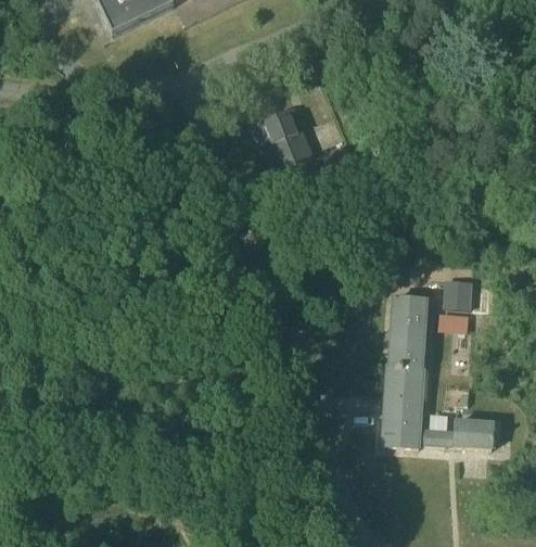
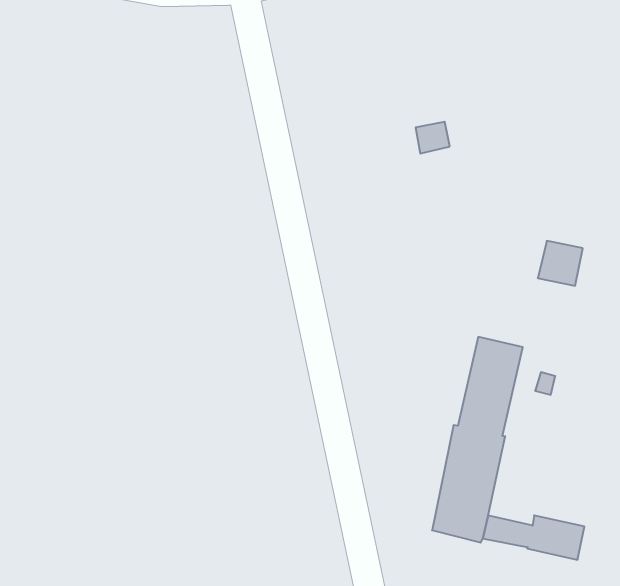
building: [259,107,315,173] -> none
building: [444,279,473,308] -> [538,241,583,286]

